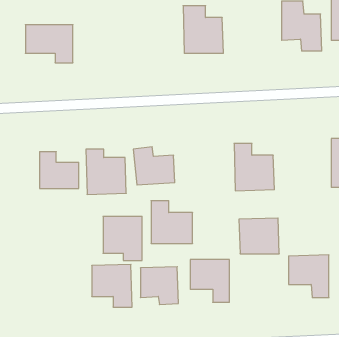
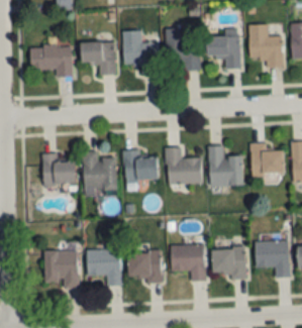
building: none -> [123,31,158,73]
building: none -> [207,36,240,69]
building: none -> [82,42,115,75]
building: none -> [251,143,285,176]
building: [151,201,193,243] -> [167,147,202,184]
building: [103,216,142,260] -> [45,250,79,288]
building: [239,218,279,254] -> [212,247,246,278]

